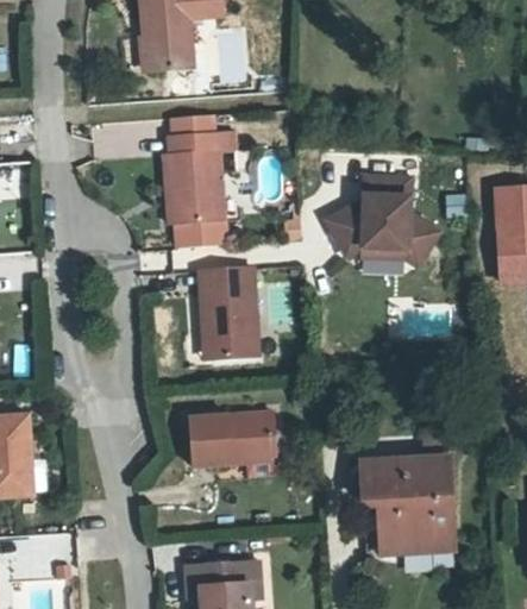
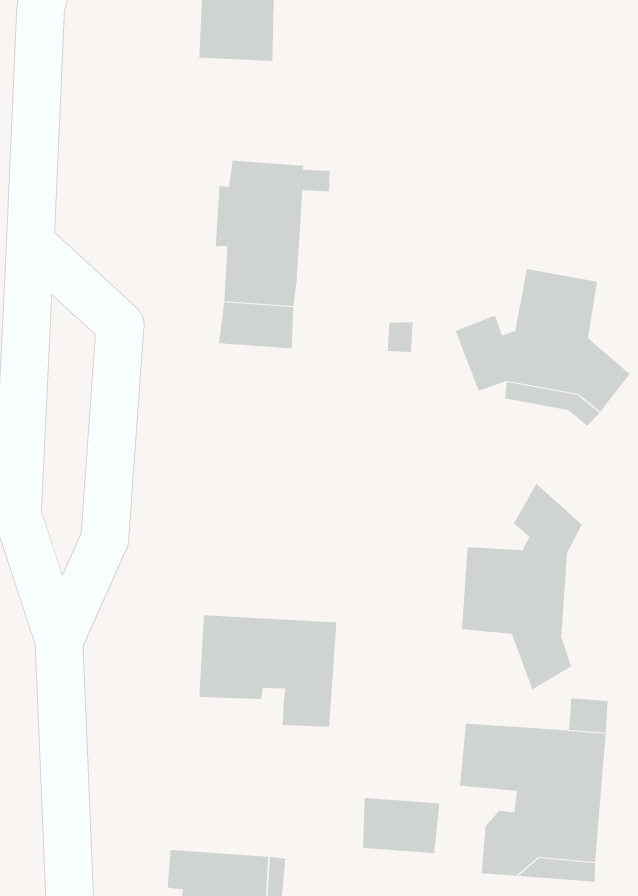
building: [199,265,259,354] -> none
building: none -> [461,483,582,690]
building: none -> [362,797,440,854]

